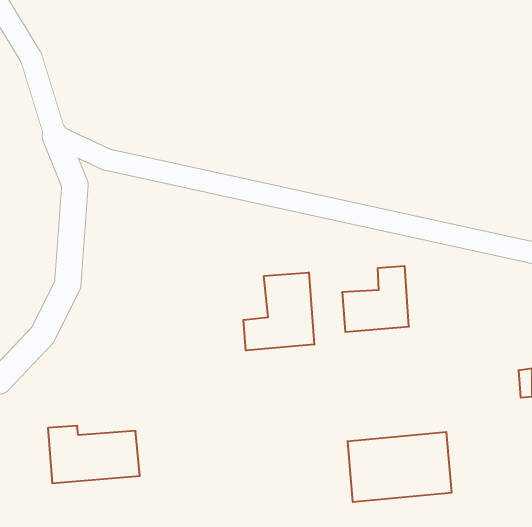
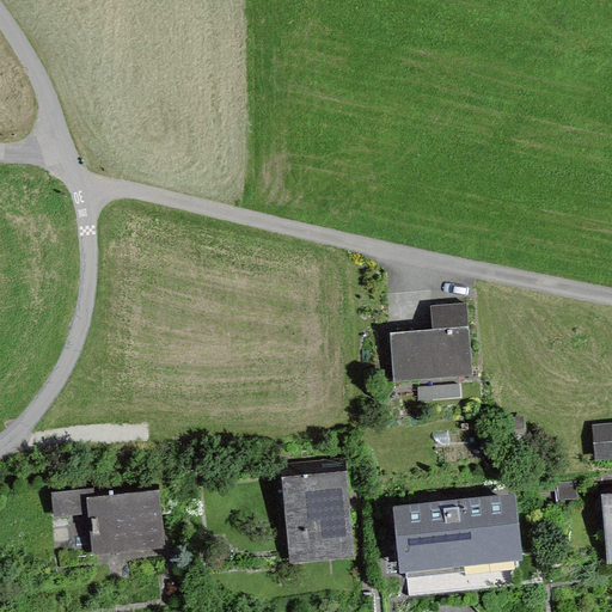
building: [243,272,314,351] -> none
building: none -> [284,472,349,557]

